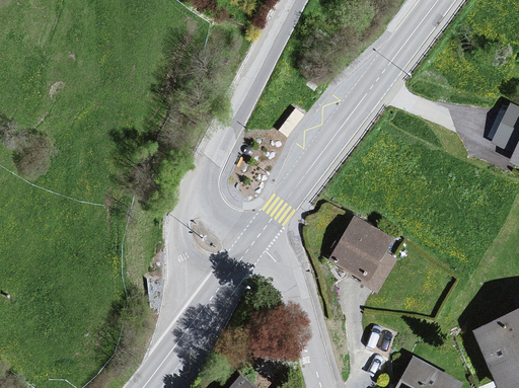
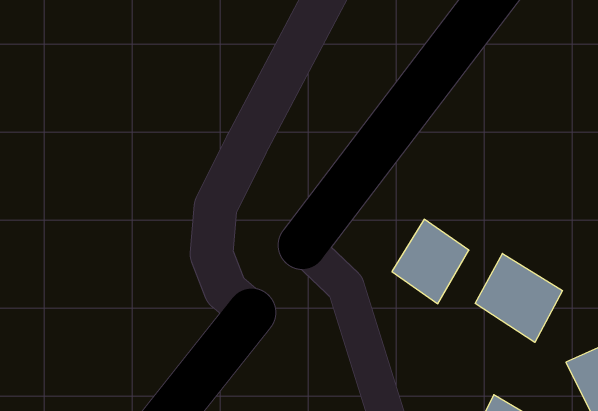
building: none -> [475,253,562,342]

